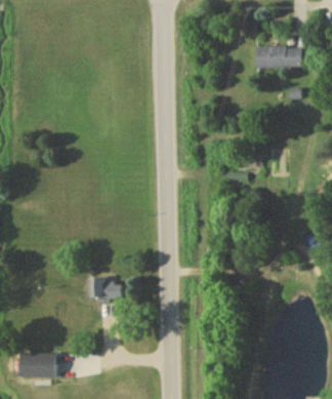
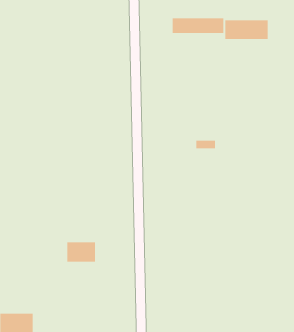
building: none -> [172,17,224,34]

